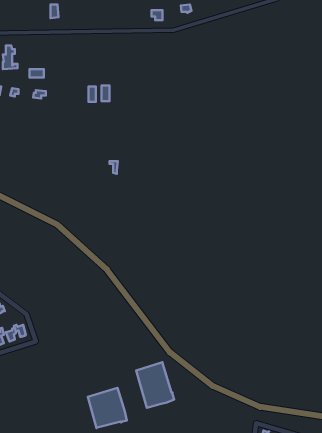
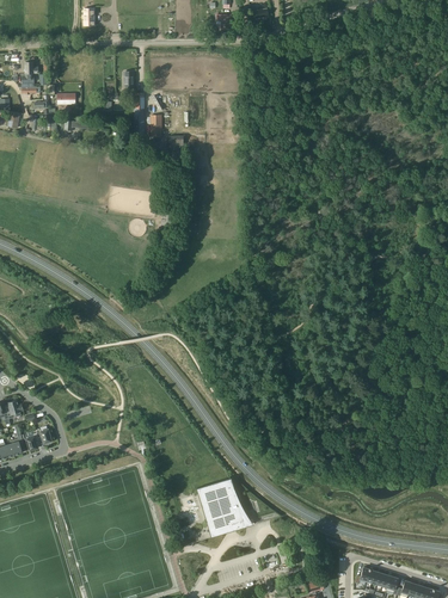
building: [88,388,127,428] -> none

